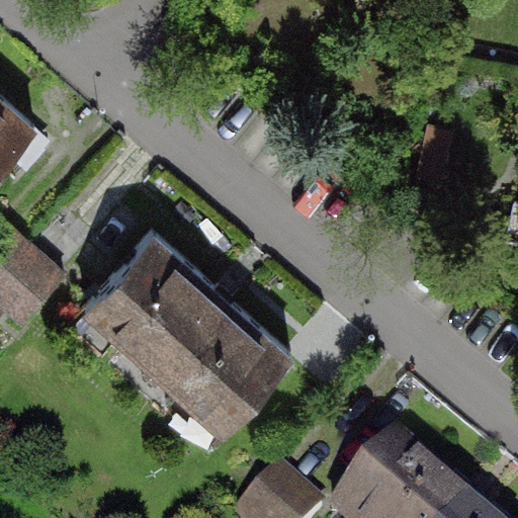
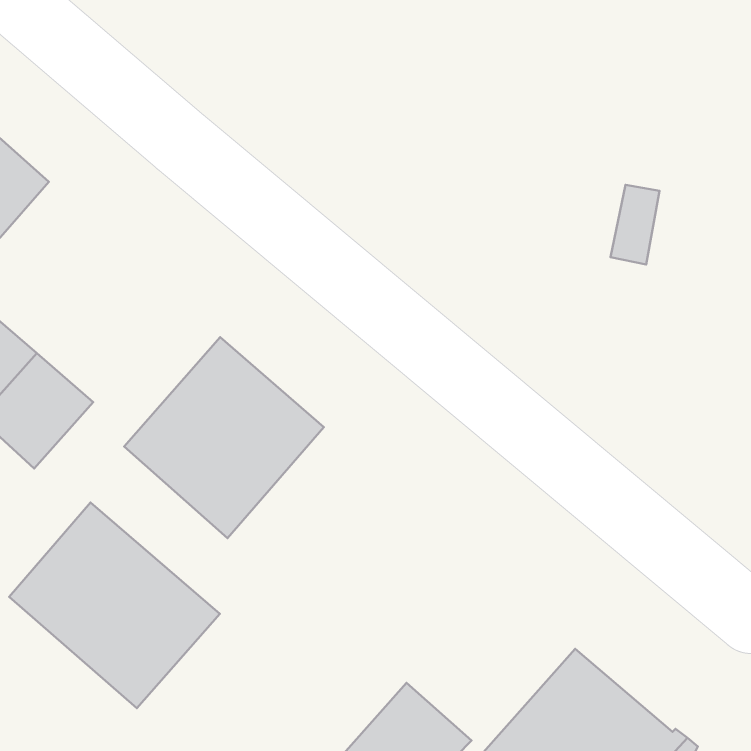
building: [156,295,289,444] -> none
building: none -> [9,502,220,708]

